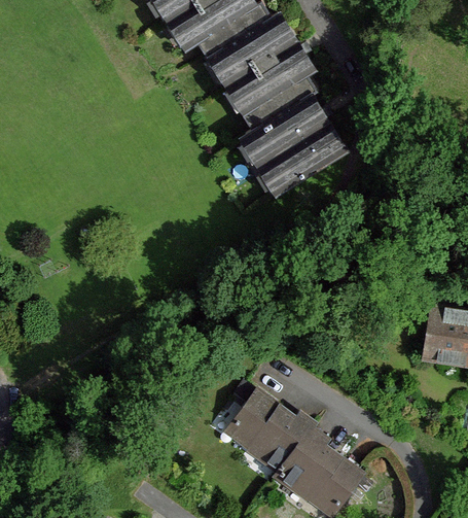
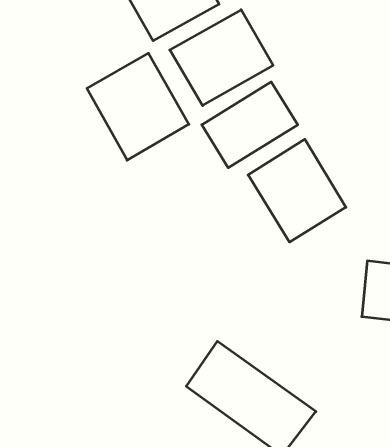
building: none -> [87,53,189,160]
building: none -> [248,139,346,242]

